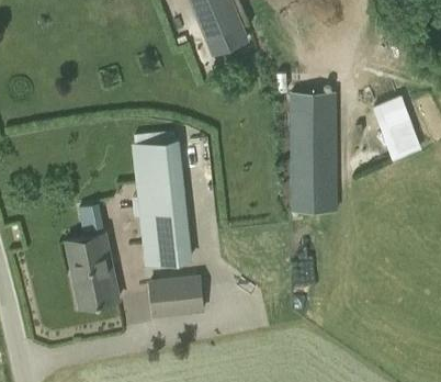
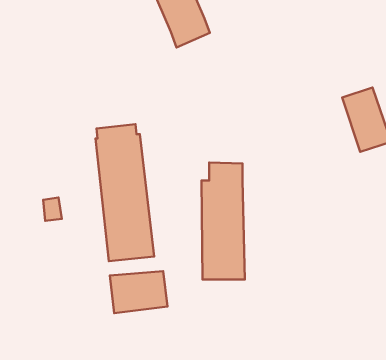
building: [292,96,335,211] -> [201,163,245,279]
building: [66,235,114,306] -> none

